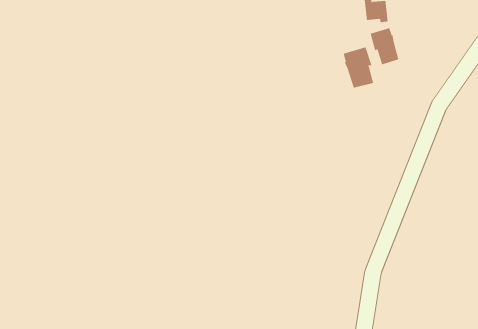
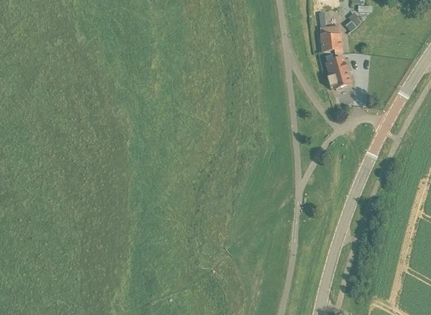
building: [343,46,374,89] -> none

